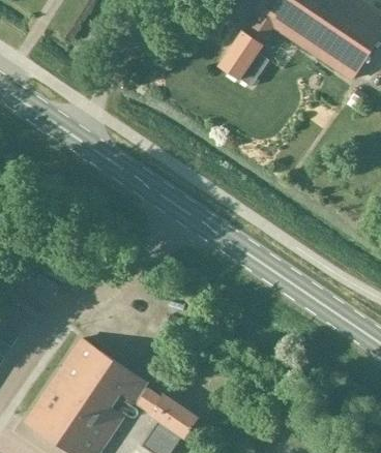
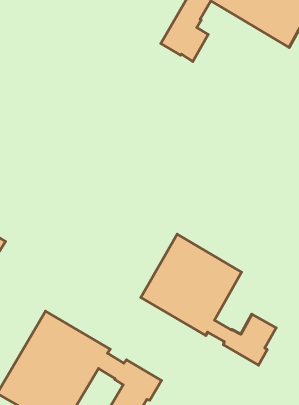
building: none -> [141,234,276,365]

